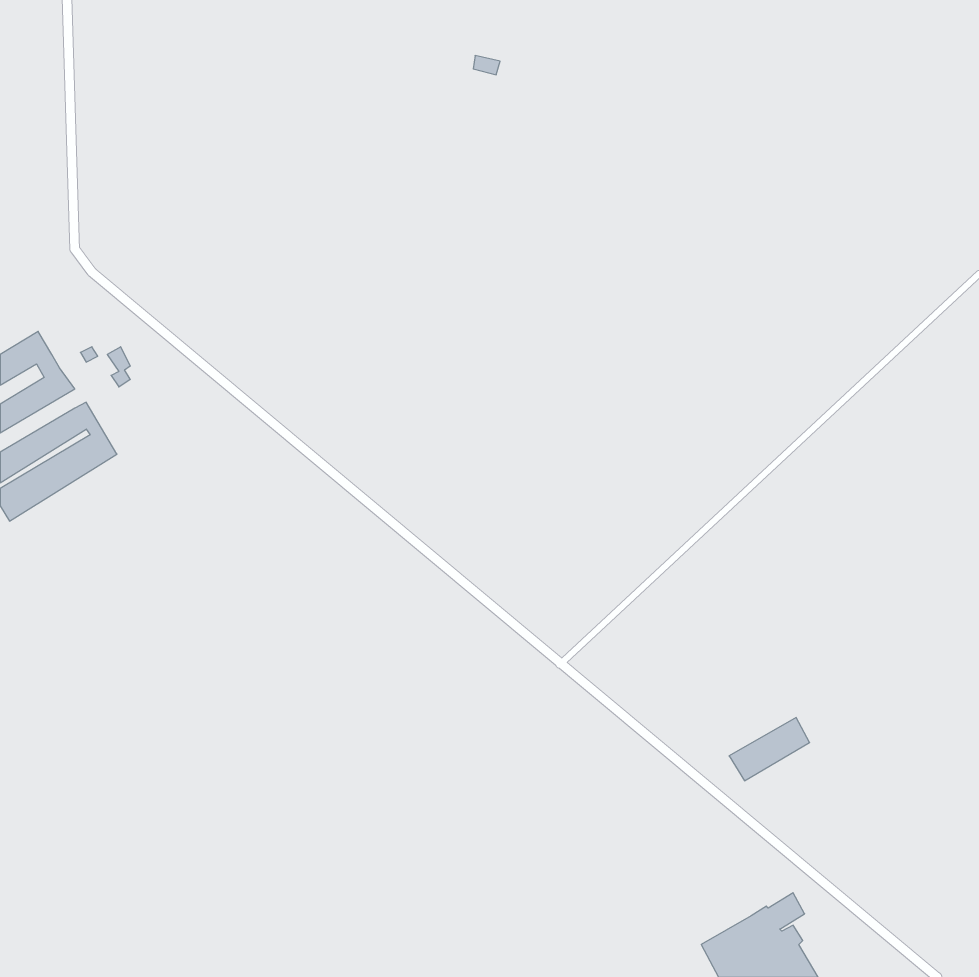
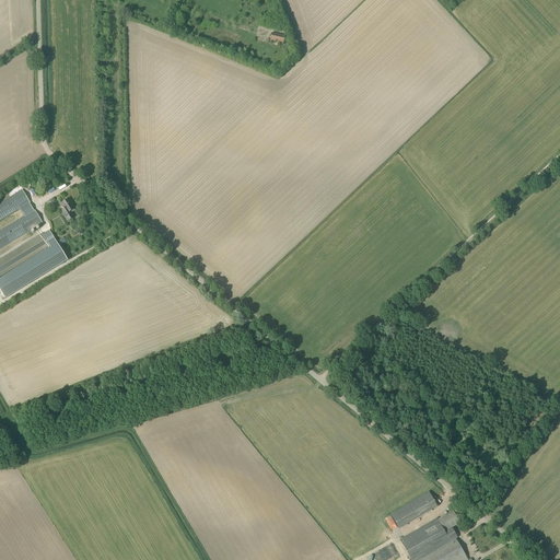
building: [729,718,810,781] -> [390,491,436,527]

